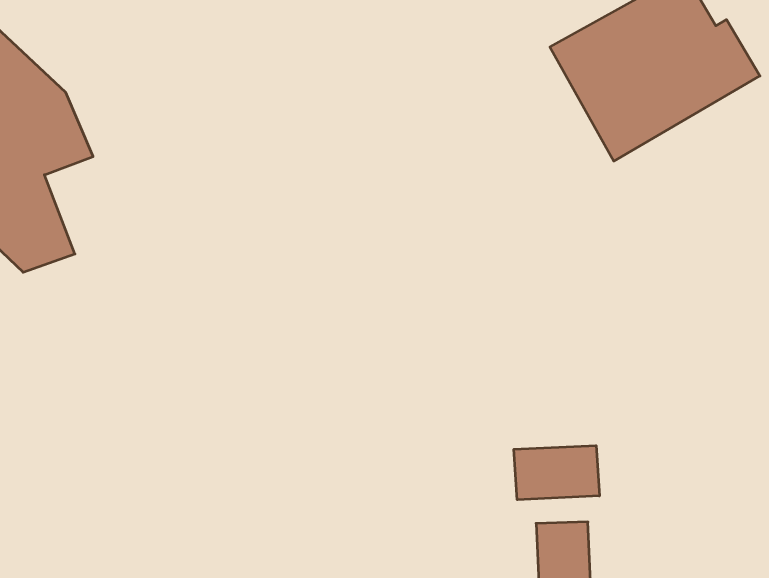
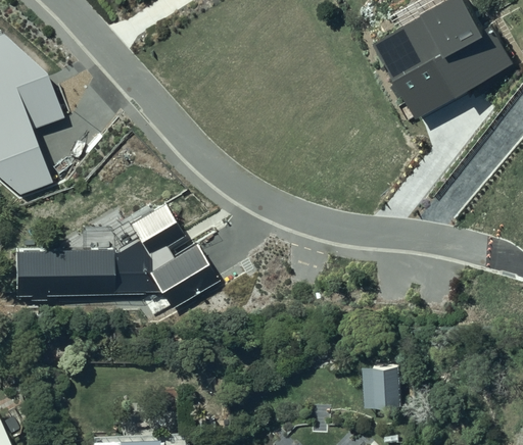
building: none -> [14,204,218,309]
building: [514,446,599,500] -> none

